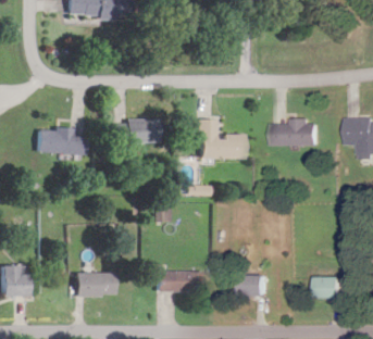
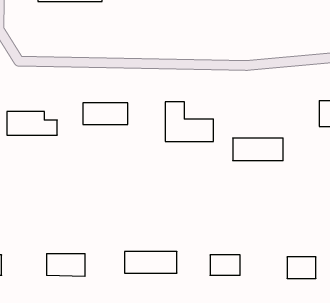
building: [274,123,325,146] -> [233,138,283,161]

